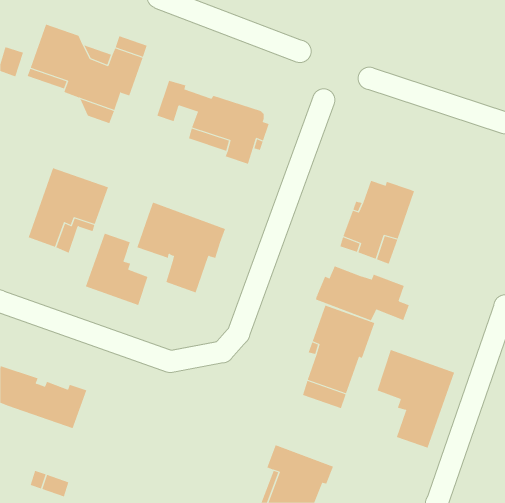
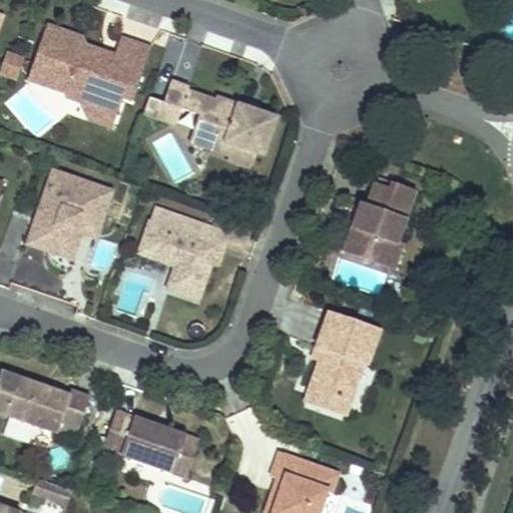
building: [85,233,148,306] -> none
building: [315,265,409,321] -> none
building: [377,349,455,449] -> none
building: none -> [101,408,197,474]

